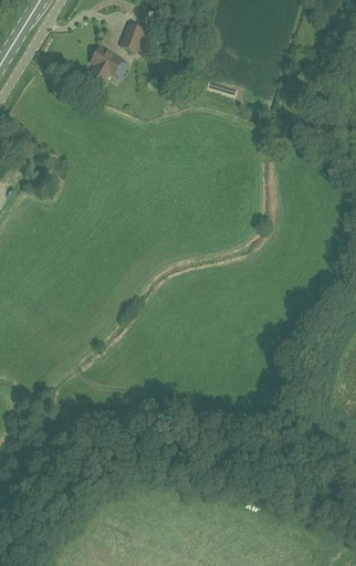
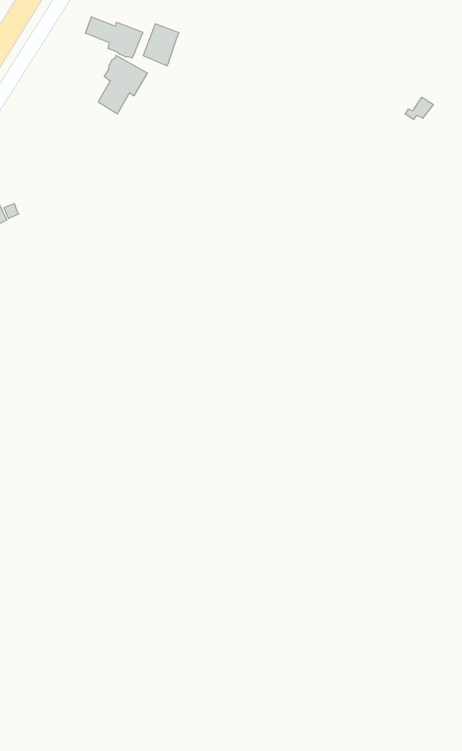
building: none -> [85,17,143,58]

